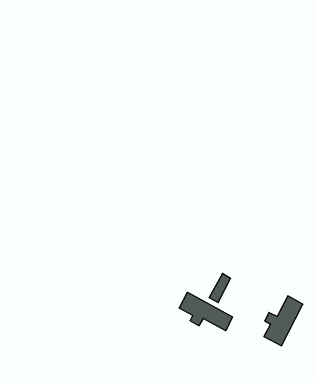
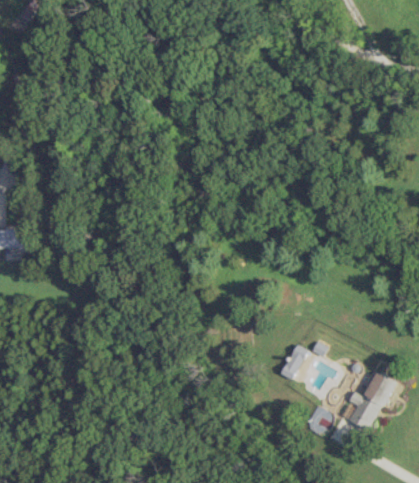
building: [179,292,233,331] -> none

